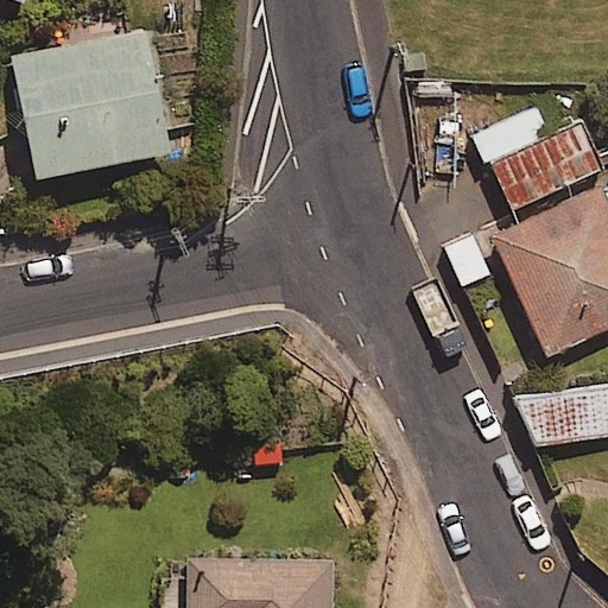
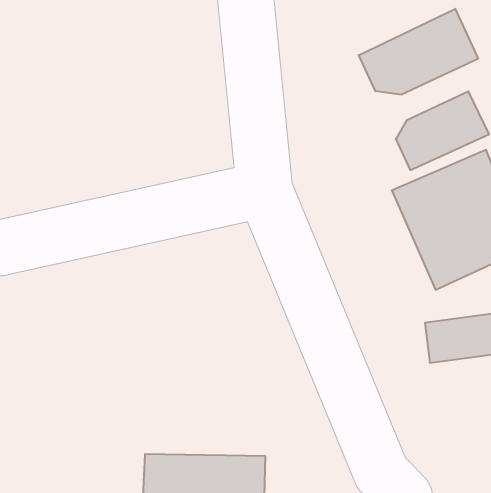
building: none -> [359,9,478,95]
building: [20,31,175,172] -> none

